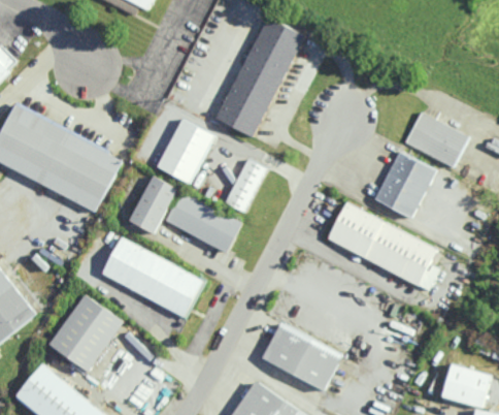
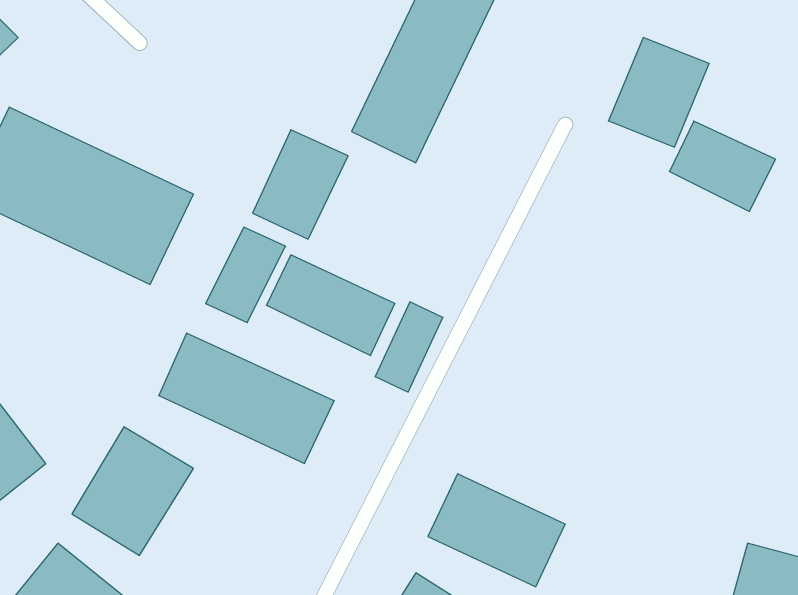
building: [375,152,435,217] -> [608,38,709,147]
building: [225,158,265,212] -> [375,302,443,392]
building: [326,203,438,289] -> none

